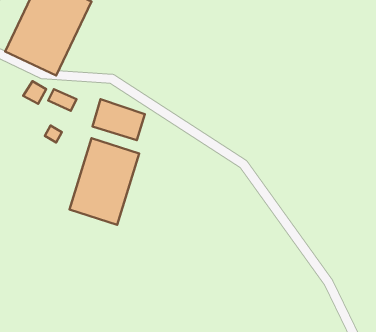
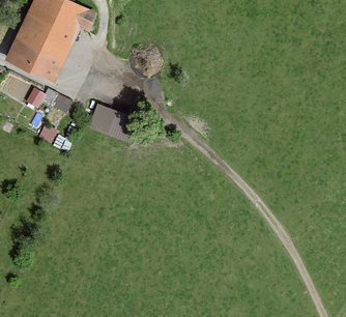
building: [69,138,139,225] -> none

